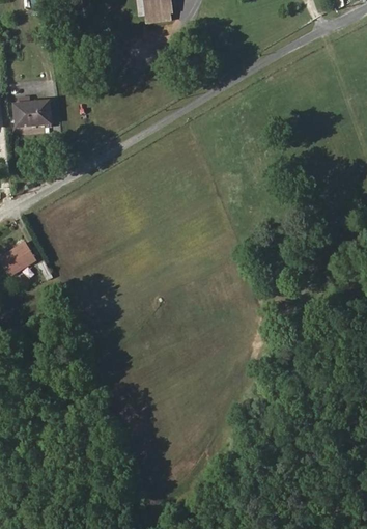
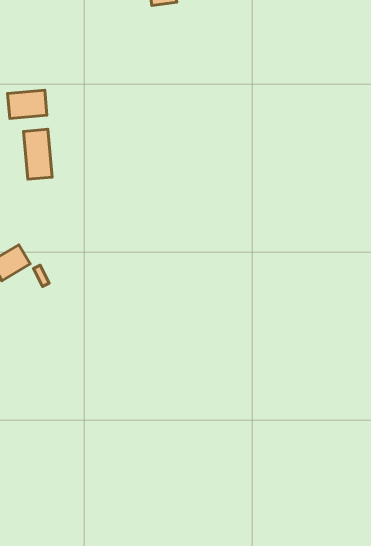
building: none -> [24,129,52,179]

